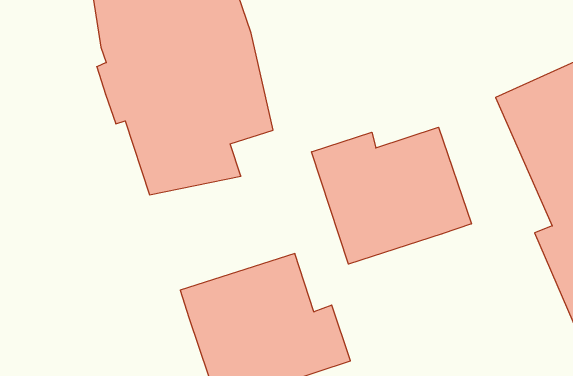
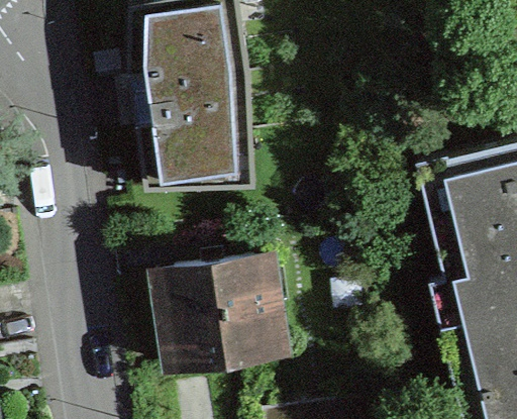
building: [312,127,471,264] -> none

